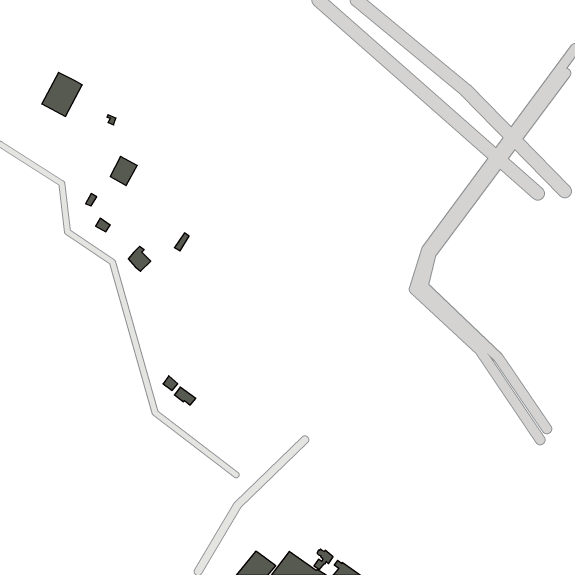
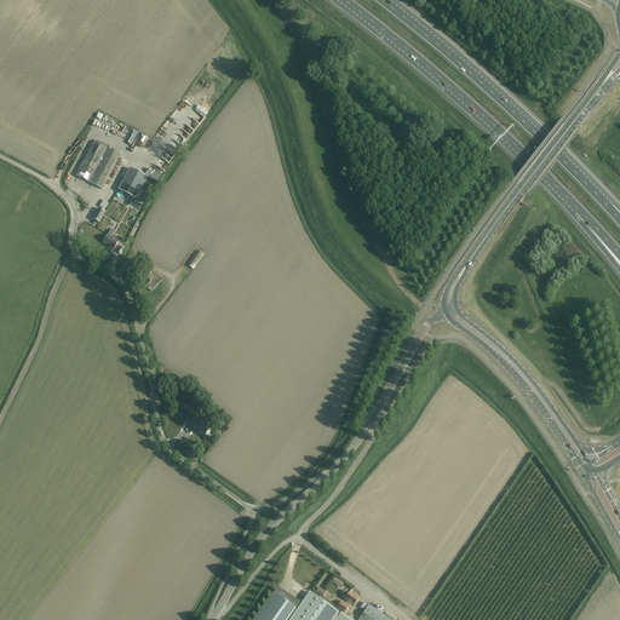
building: [42,72,82,116] -> [76,142,120,189]

